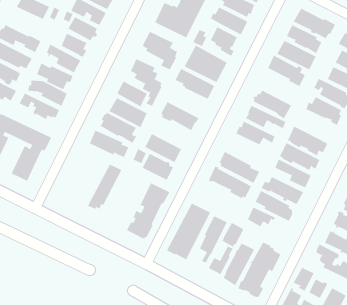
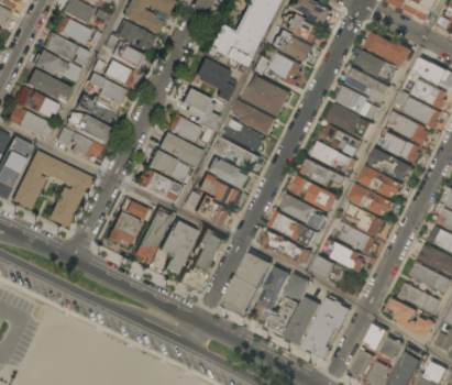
building: none -> [42,33,88,66]
building: none -> [329,103,375,141]
building: none -> [224,117,264,153]
building: none -> [370,148,416,182]
building: none -> [207,157,249,189]
building: none -> [289,175,339,212]
building: none -> [107,199,148,245]
building: none -> [158,218,197,278]
building: none -> [264,232,311,263]

